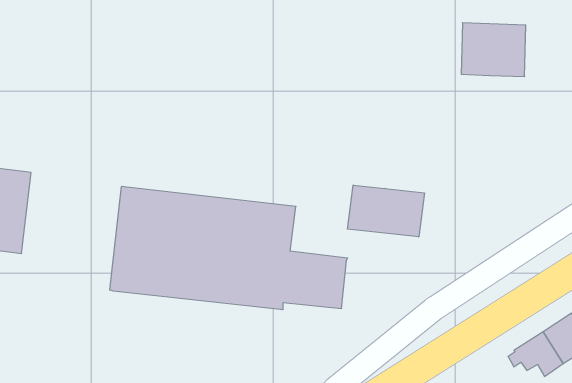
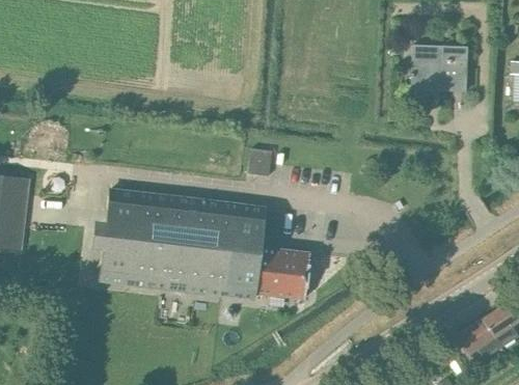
building: none -> [248,148,272,176]
building: [348,185,424,237] -> none

